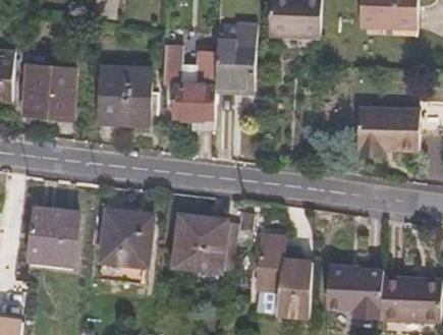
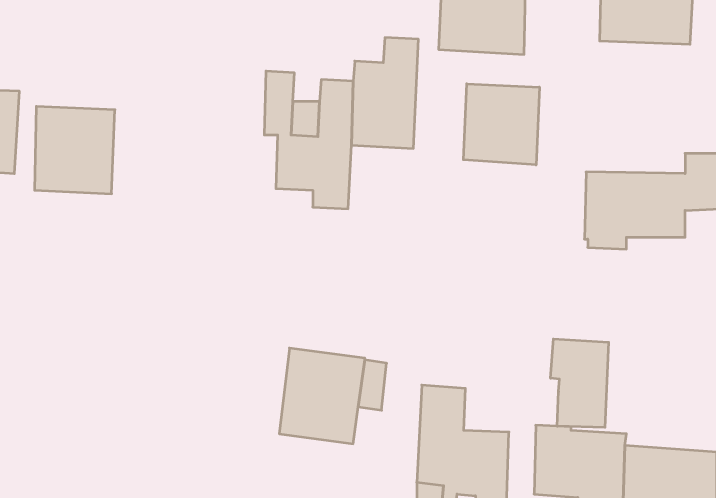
building: none -> [463,84,539,165]
building: [100,67,152,127] -> none
building: [99,207,152,278] -> none
building: [29,208,77,264] -> none
building: none -> [551,339,609,427]

